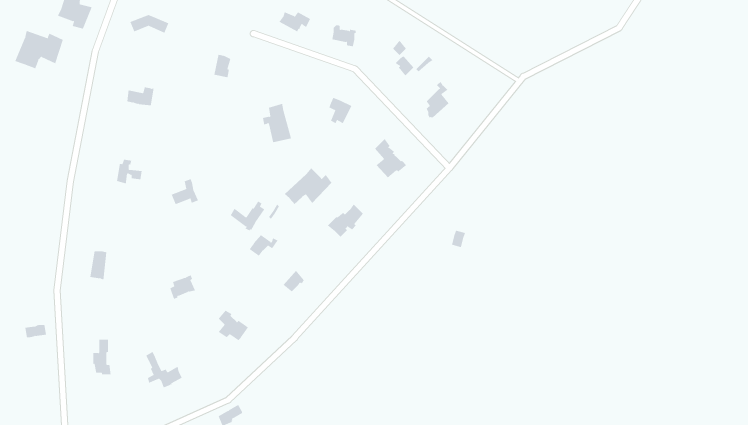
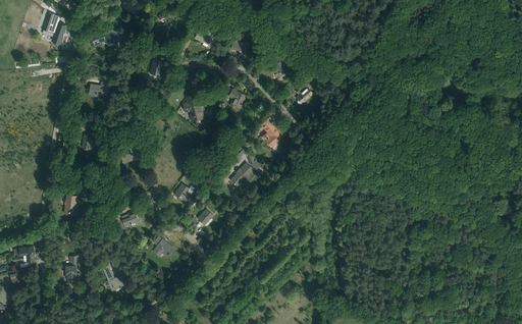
building: [14,30,63,69] -> none
building: [284,168,332,205] -> none

